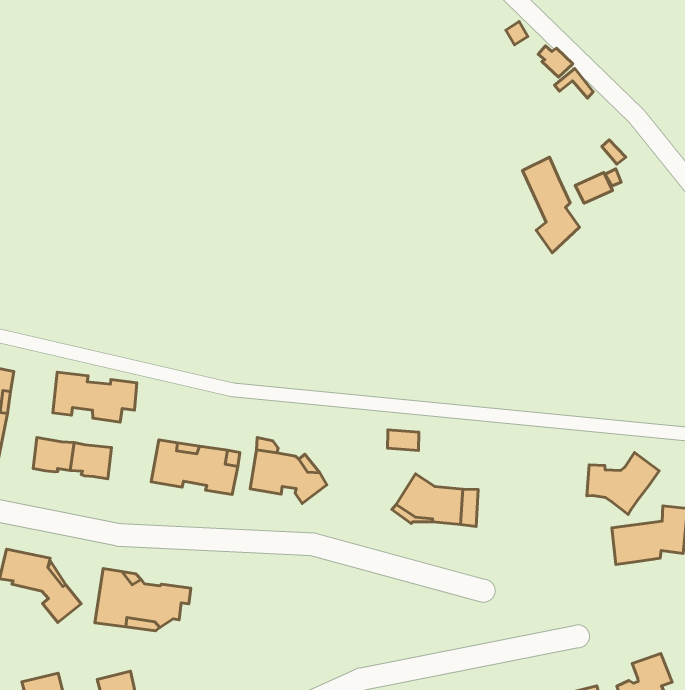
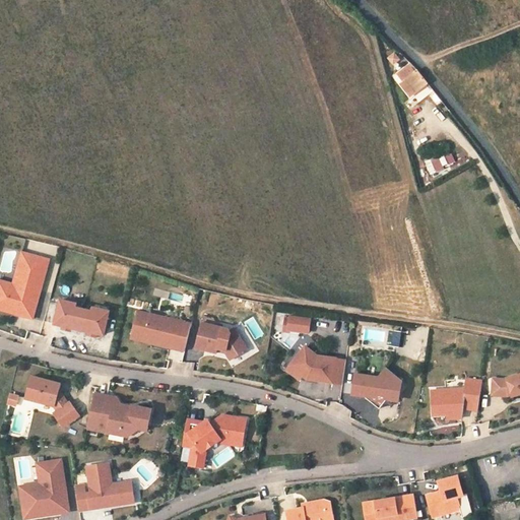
building: [523,157,580,253] -> none
building: [53,372,137,422] -> none
building: [587,452,659,515] -> [352,367,401,407]
building: none -> [182,414,245,467]

